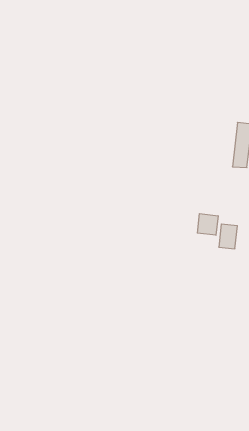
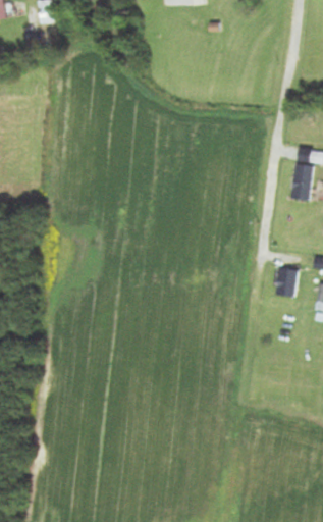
building: [197,214,218,235] -> none

